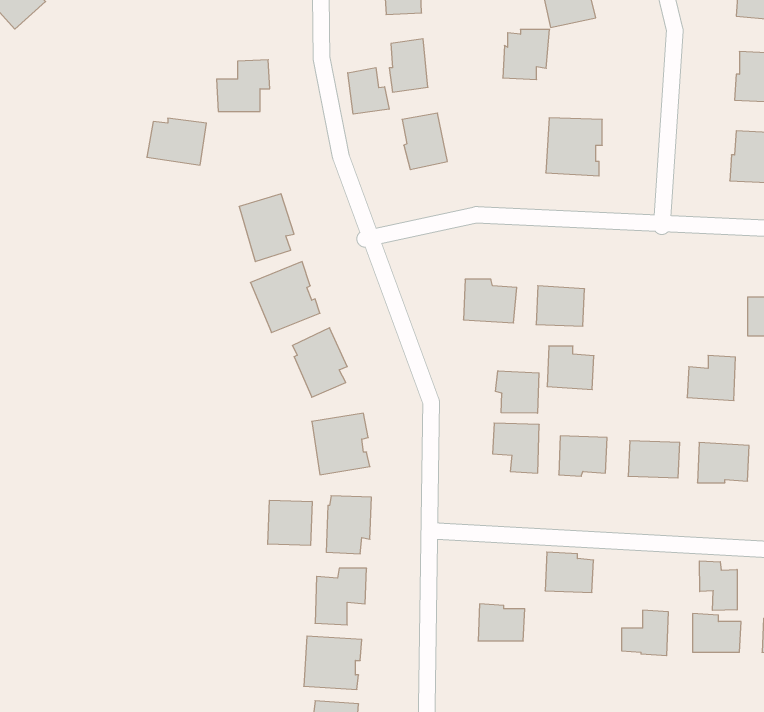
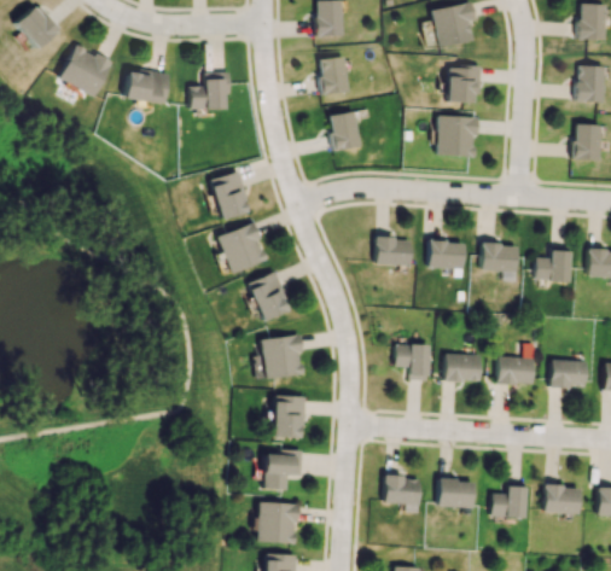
building: none -> [59,43,114,98]
building: [503,29,550,80] -> [447,65,482,103]
building: [348,68,389,114] -> none
building: [147,118,206,165] -> [126,70,170,105]
building: [547,346,594,390] -> [483,240,518,273]
building: [687,355,735,401] -> [535,250,571,284]
building: [496,371,539,413] -> none
building: [268,500,312,545] -> none
building: [545,552,594,592] -> [438,479,475,509]
building: [699,561,737,610] -> none

